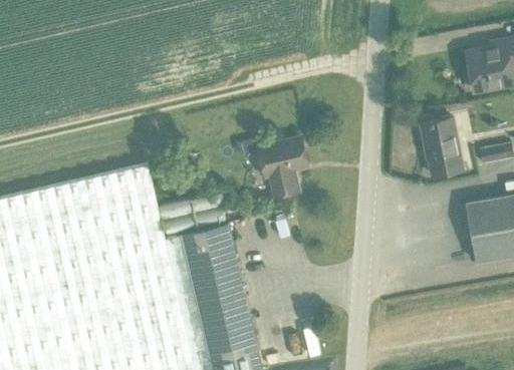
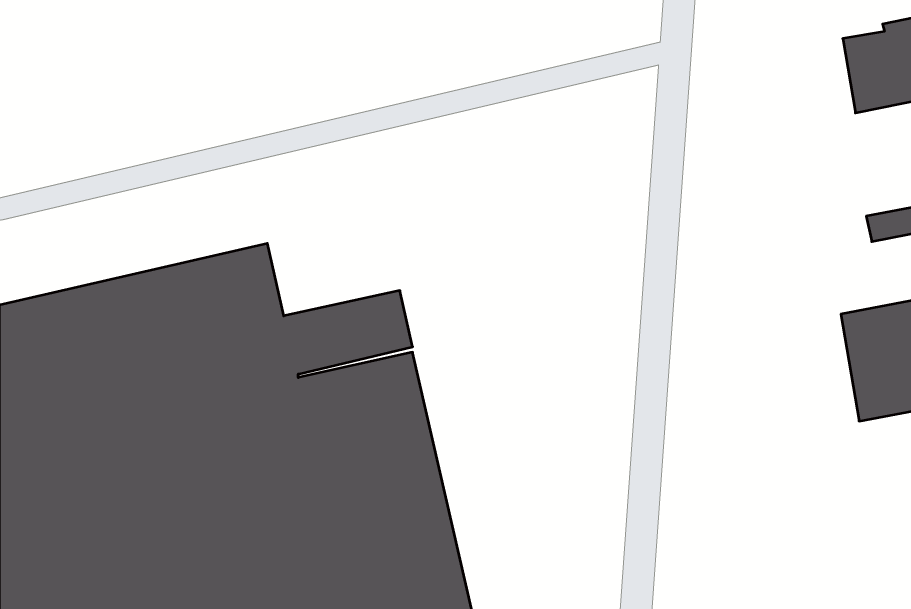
building: [420,118,464,176] -> none
building: [236,137,309,198] -> none

